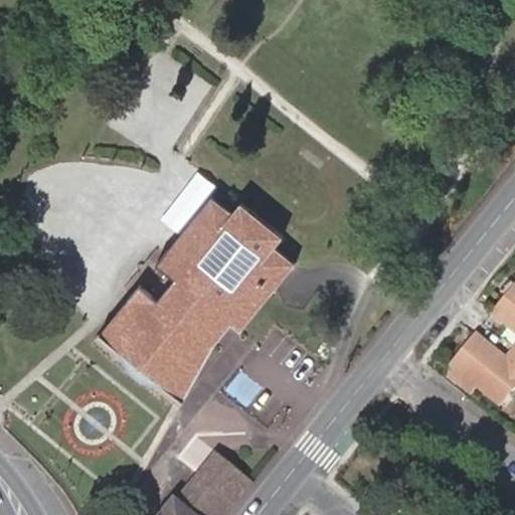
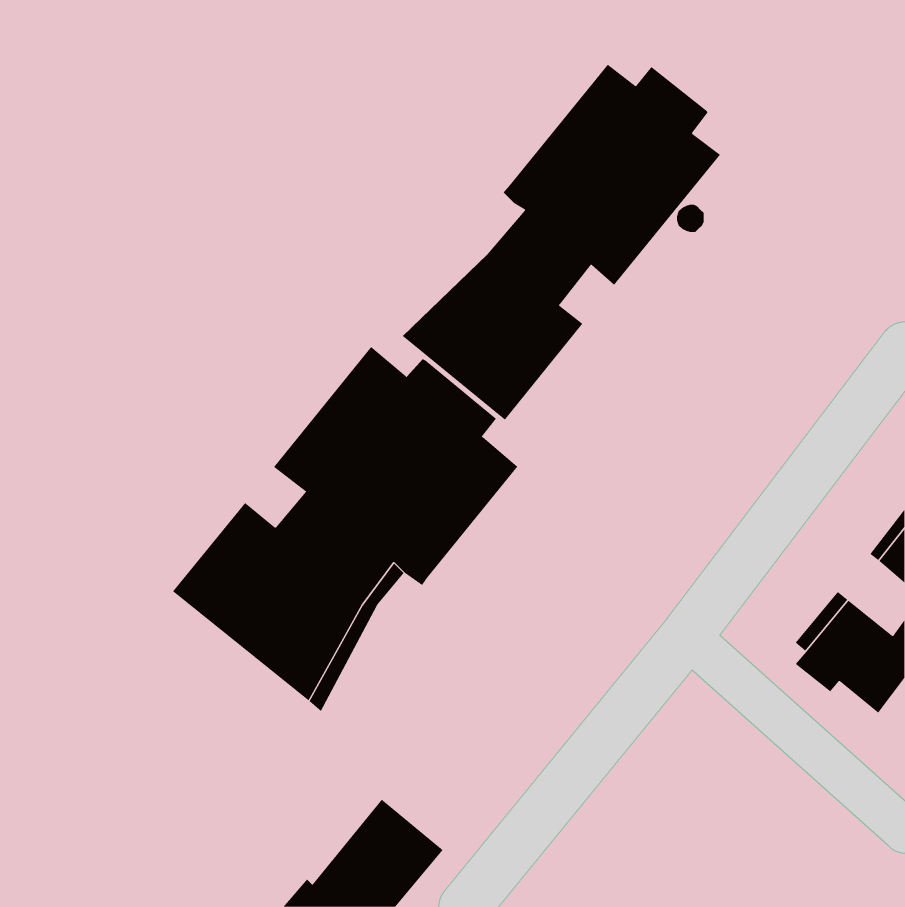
building: none -> [402,64,721,421]

